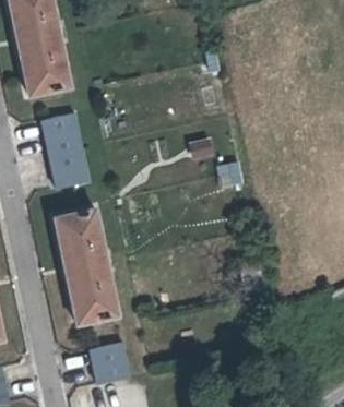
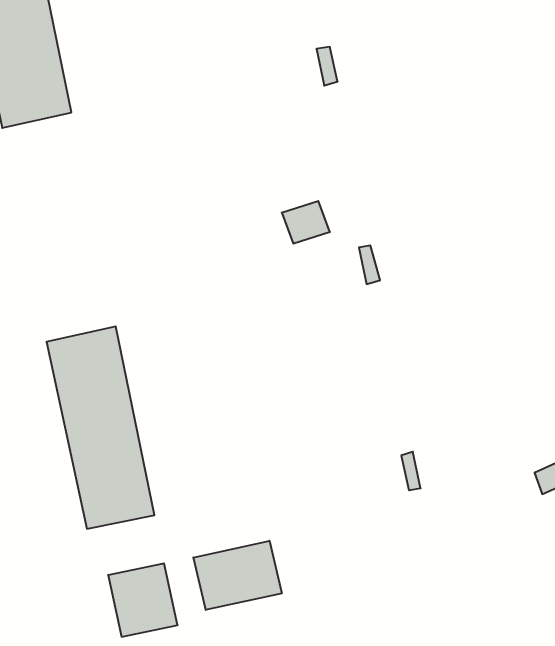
building: [43,113,88,189] -> none
building: none -> [193,541,282,610]

